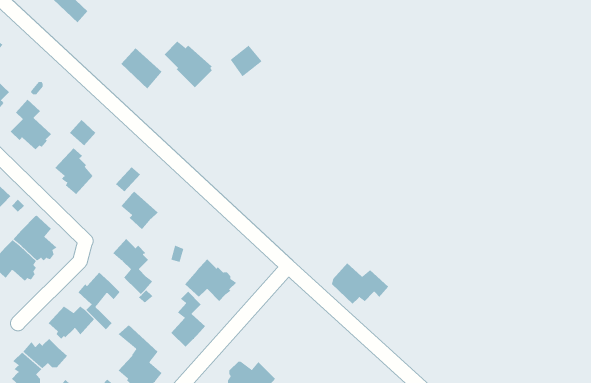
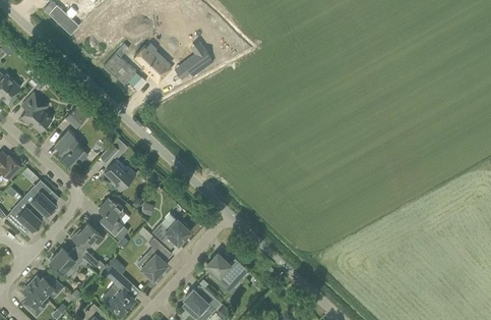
building: [331,263,389,304] -> [205,254,249,285]

